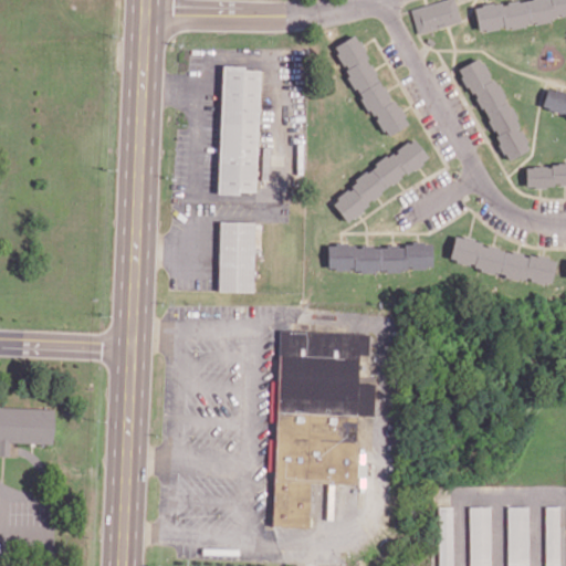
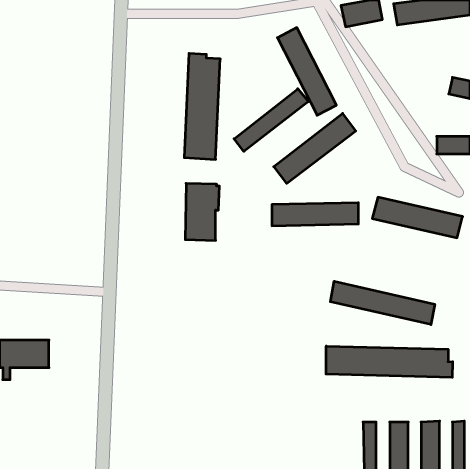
building: [461,57,525,164] -> none
building: none -> [234,89,308,151]
building: [279,333,379,526] -> none
building: none -> [330,281,435,325]
building: none -> [326,346,453,377]

